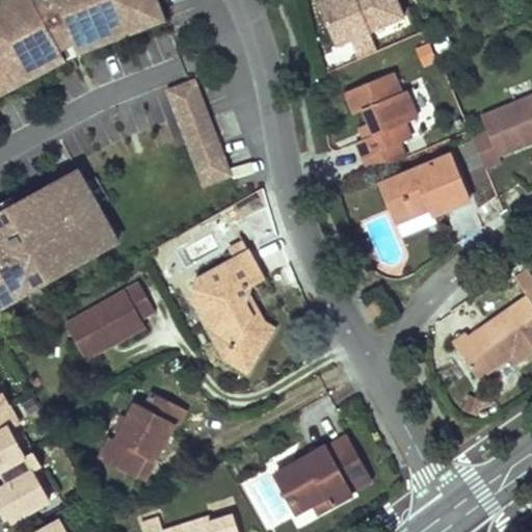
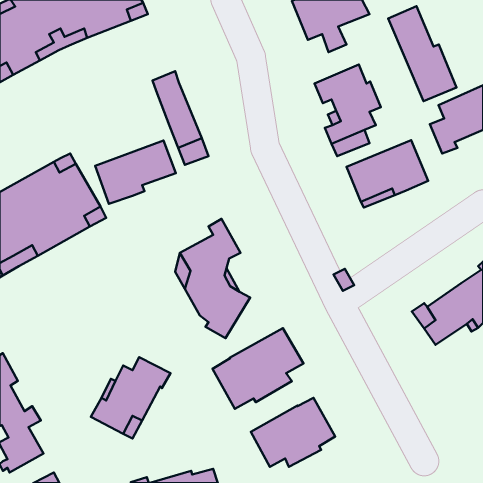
building: none -> [388,6,457,101]
building: none -> [95,141,176,204]
building: [66,282,155,358] -> none
building: none -> [212,328,304,409]

